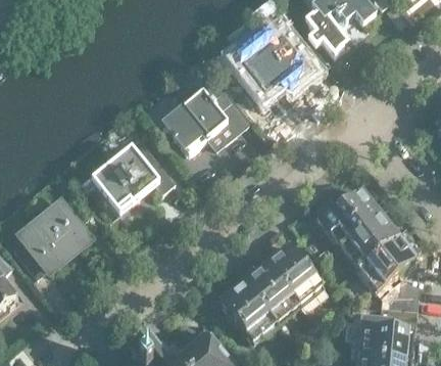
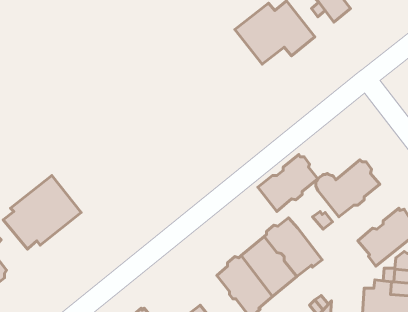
building: [165,84,248,152] -> none
building: [92,139,176,214] -> none
building: [340,213,398,268] -> [258,155,318,211]

